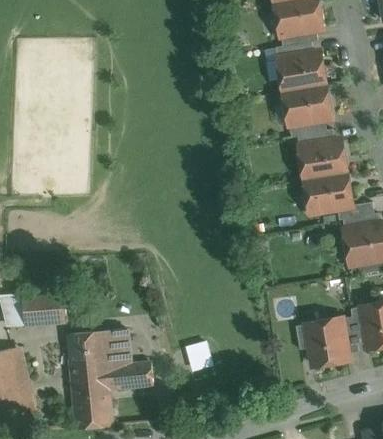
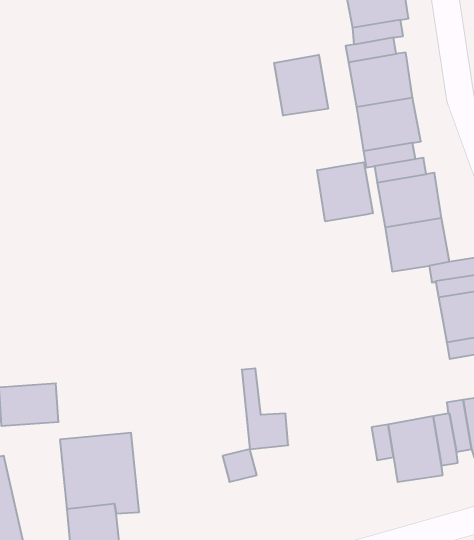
building: none -> [274,55,328,116]
building: none -> [317,162,373,221]
building: [119,329,153,388] -> [242,368,288,449]

